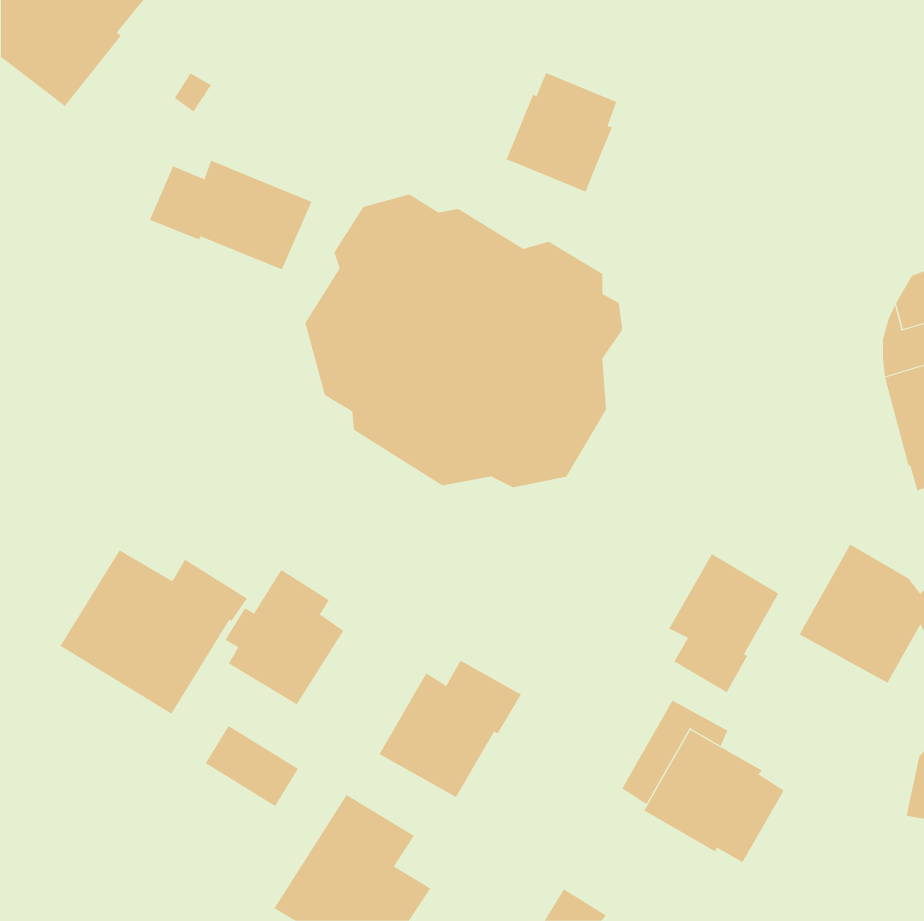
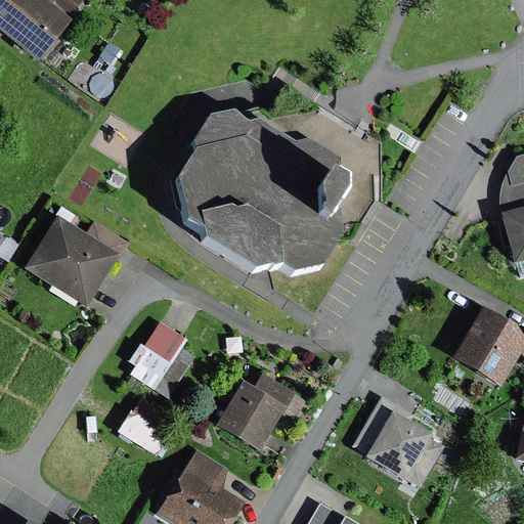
building: [506,72,617,193] -> none
building: [149,160,312,270] -> none
building: [60,550,248,715] -> [23,215,129,308]
building: [669,553,779,693] -> none

